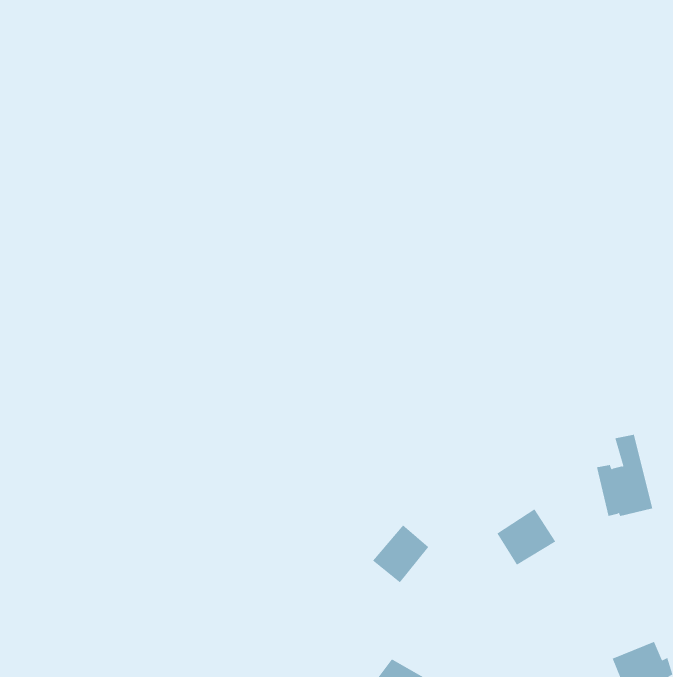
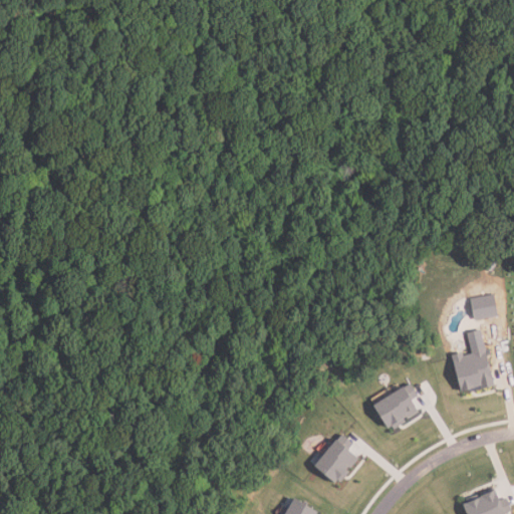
building: none -> [469,295,500,319]
building: [372,525,429,583] -> [315,439,358,483]

